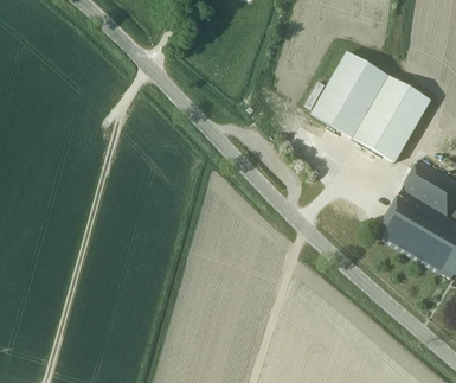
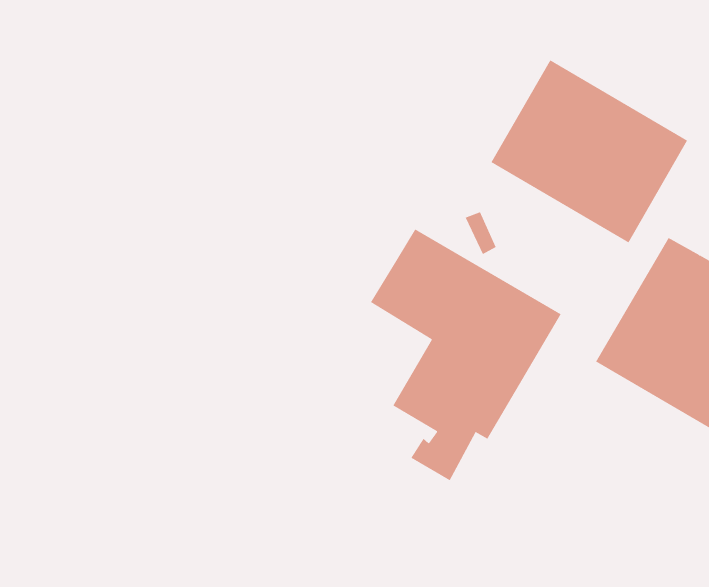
building: none -> [370,229,561,481]

